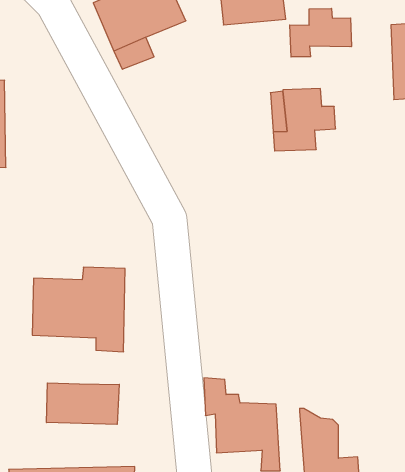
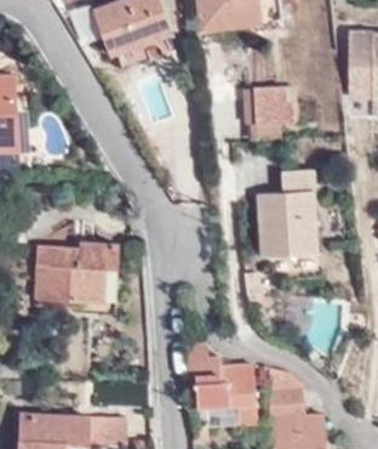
building: [290,8,351,57] -> none
building: none -> [264,172,315,254]
building: [47,383,119,424] -> none

